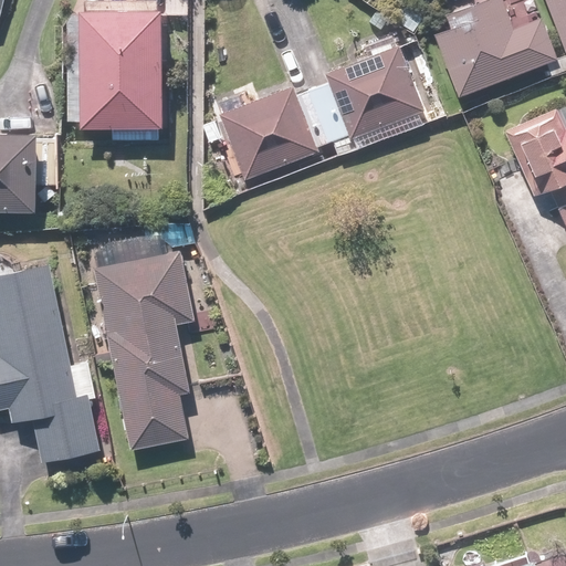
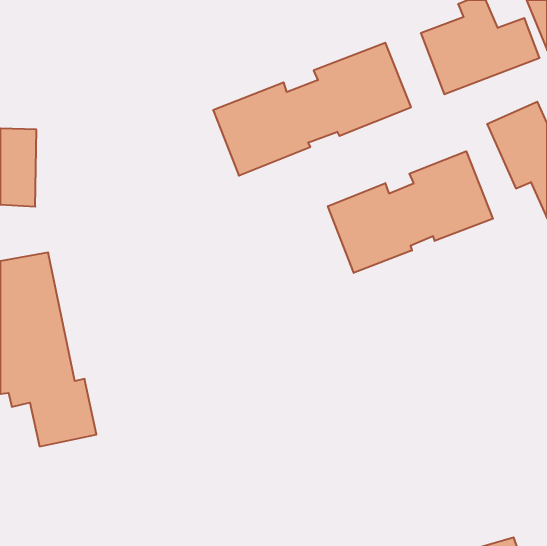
building: [81,12,164,132] -> none
building: none -> [328,151,493,273]
building: [93,249,193,449] -> none

